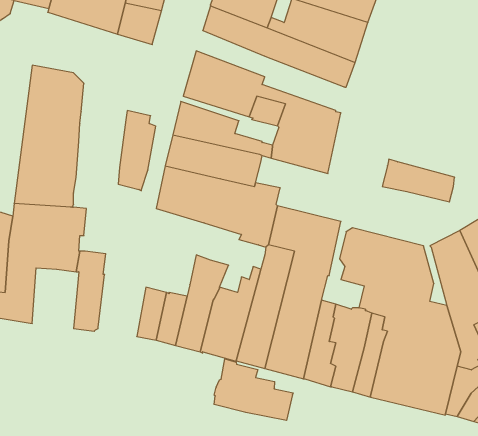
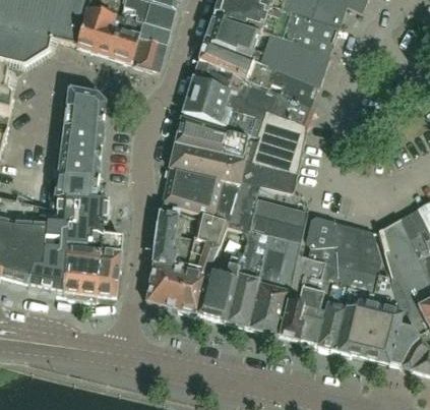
building: none -> [193,60,310,123]
building: [118,111,156,191] -> [153,204,183,268]
building: [382,159,455,202] -> [240,159,297,192]
building: none -> [193,212,229,245]
building: none -> [64,247,101,295]
building: none -> [292,253,325,280]
building: [214,359,293,420] -> none

